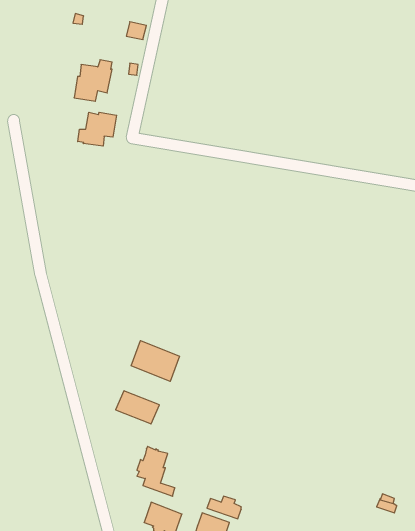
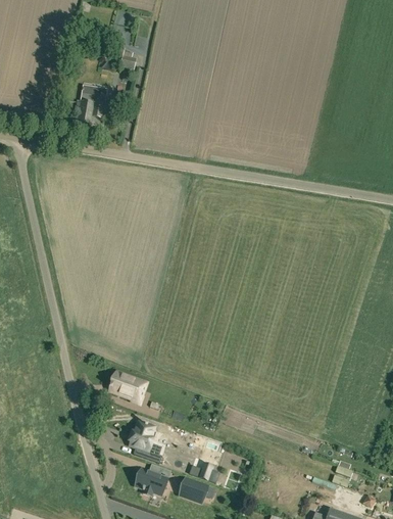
building: [78,112,117,146] -> none
building: [131,341,180,381] -> none

